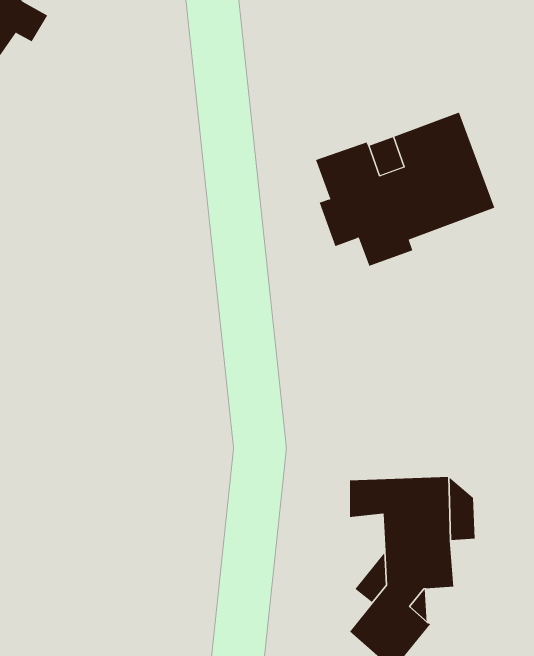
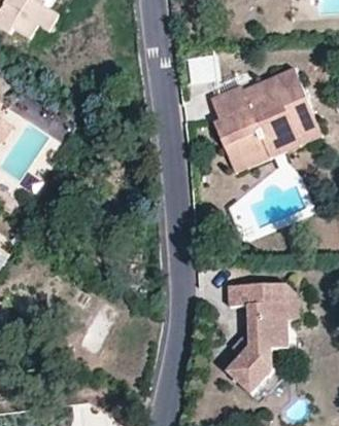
building: none -> [222,126,320,173]

